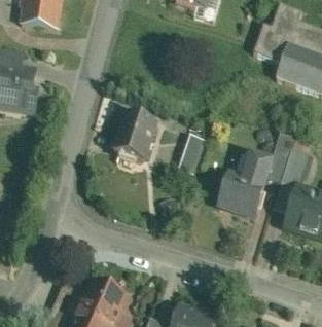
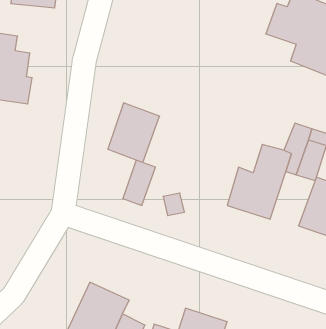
building: [176,133,206,174] -> [123,160,155,205]

